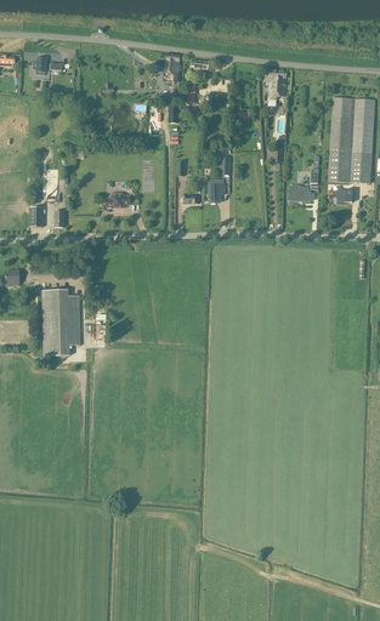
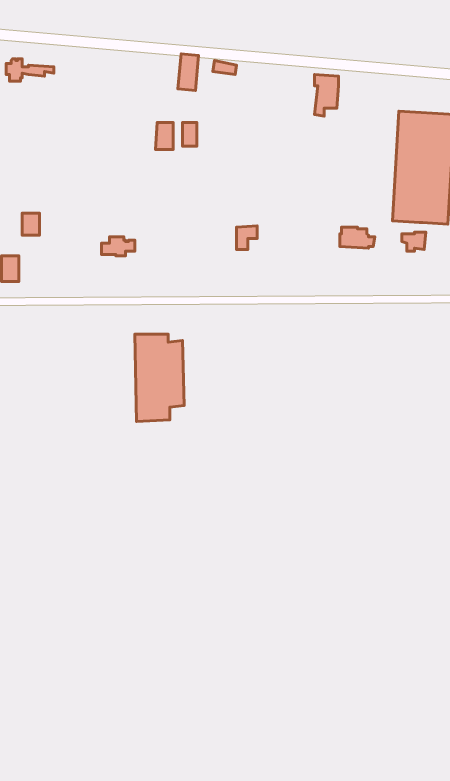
building: [42,290,80,357] -> [135,334,184,422]

